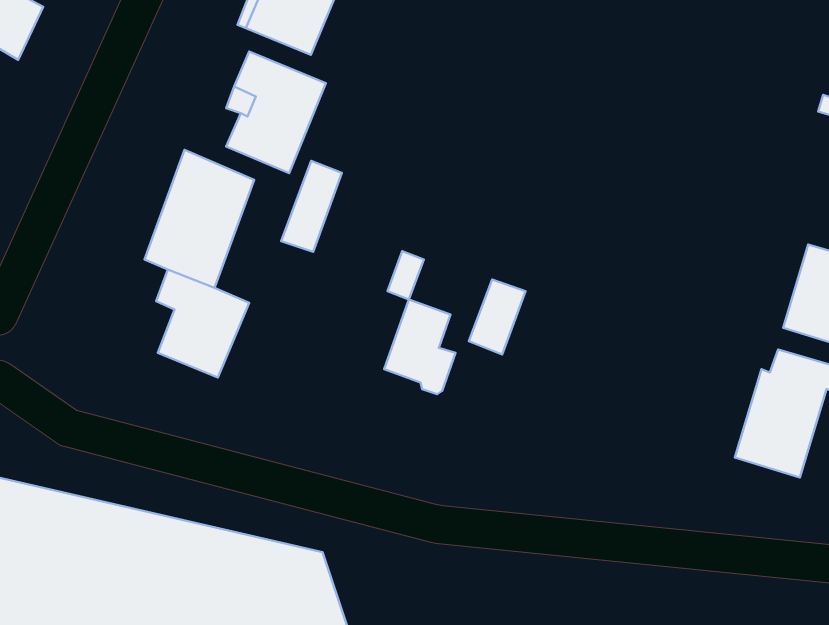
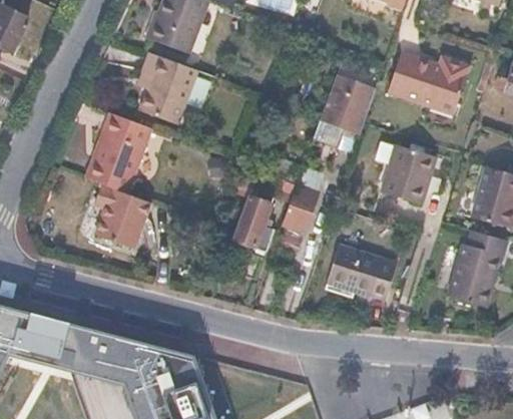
building: none -> [389,50,472,114]
building: none -> [319,77,375,139]
building: [281,161,342,252] -> none
building: none -> [376,144,432,205]
building: none -> [327,247,396,303]

